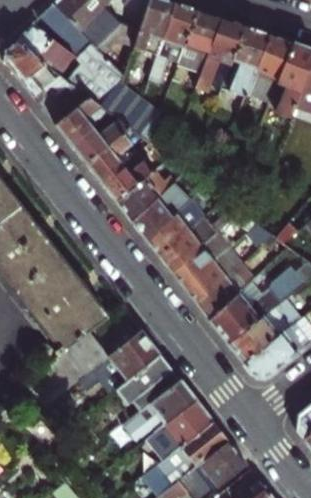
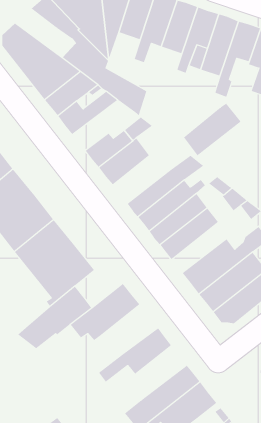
building: [20,27,88,76] -> none
building: [84,124,155,181] -> none
building: [130,181,196,241] -> [183,103,242,156]
building: [196,261,262,319] -> none
building: [116,354,182,411] -> none
building: [146,400,214,462] -> none

